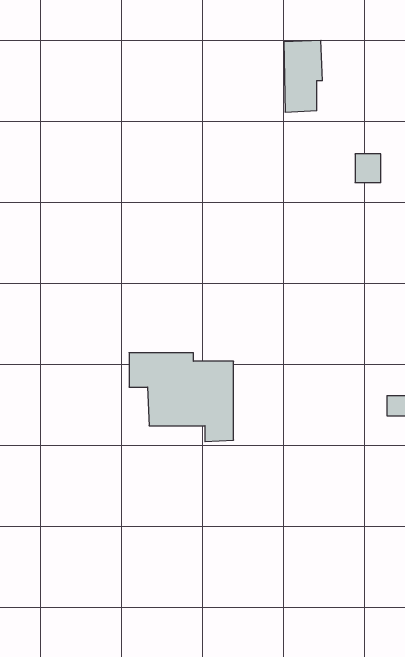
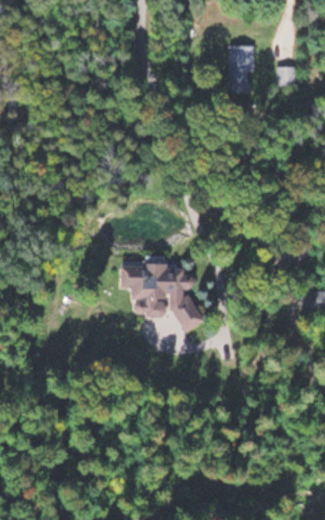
building: [355,154,381,183] -> [278,66,297,86]

